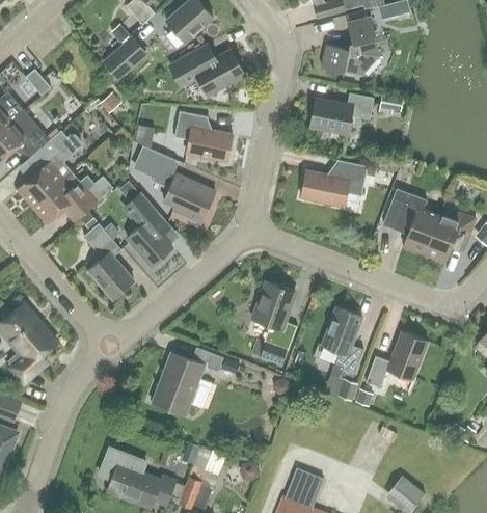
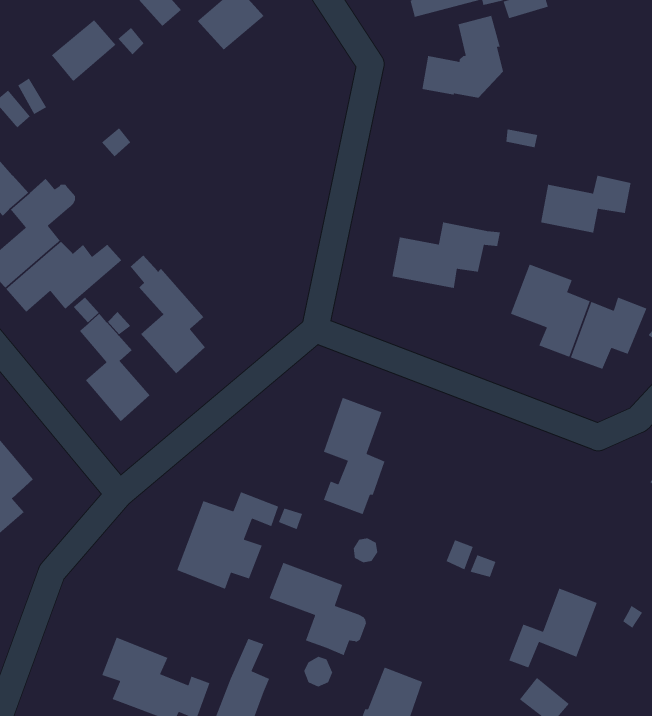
building: [102,37,147,81] -> [51,19,117,82]
building: [171,47,244,96] -> none
building: [309,92,373,133] -> [540,175,631,233]
building: [173,111,232,162] -> none
building: [135,147,214,222] -> none
building: [321,306,362,377] -> none
building: [364,331,427,387] -> [508,587,598,668]
building: none -> [269,562,367,656]

